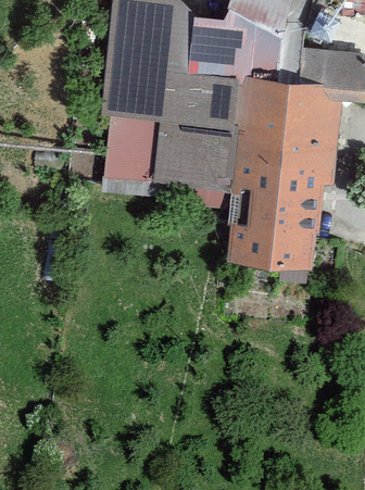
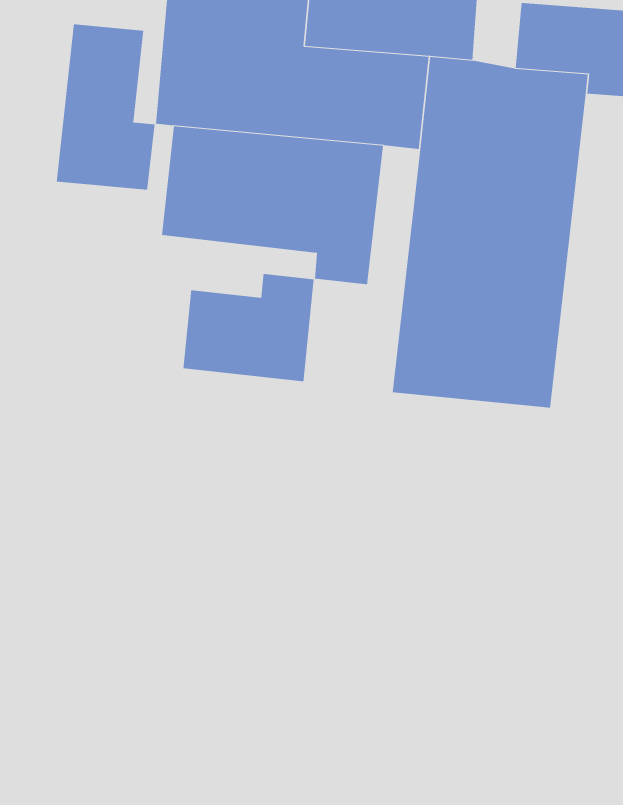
building: none -> [56,23,155,191]
building: none -> [183,273,314,382]

